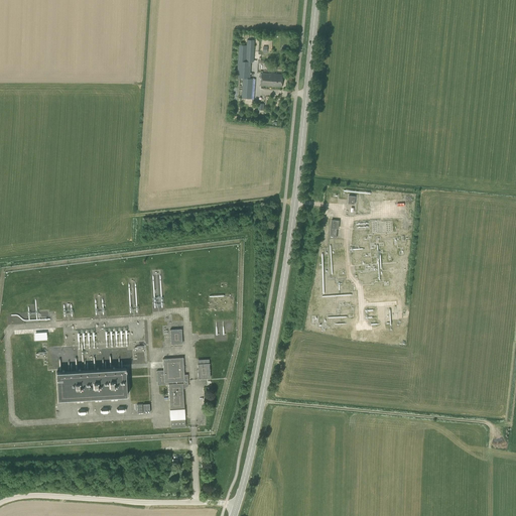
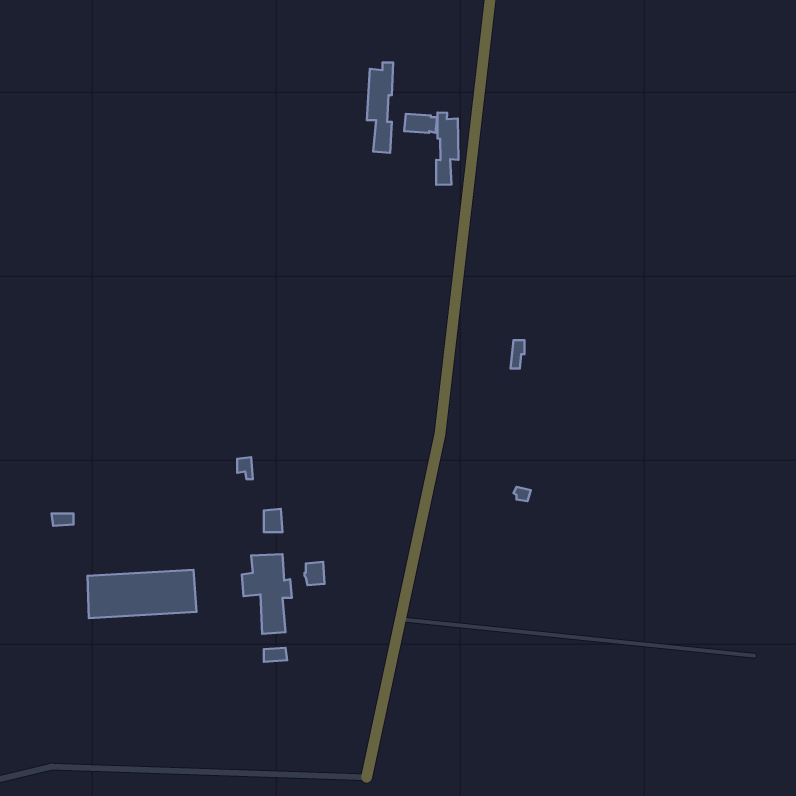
building: none -> [436,112,458,185]

